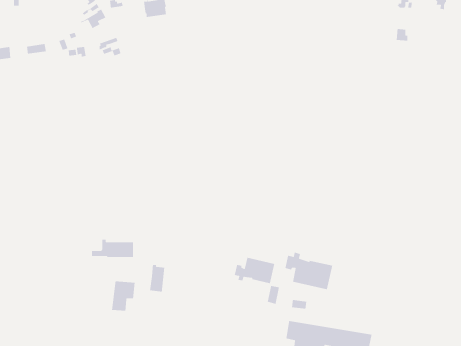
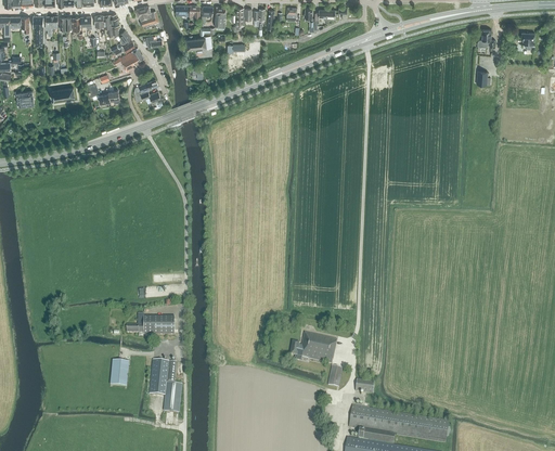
building: [285,252,333,290] -> none
building: [149,264,165,293] -> [164,381,182,413]
building: none -> [109,359,129,386]

